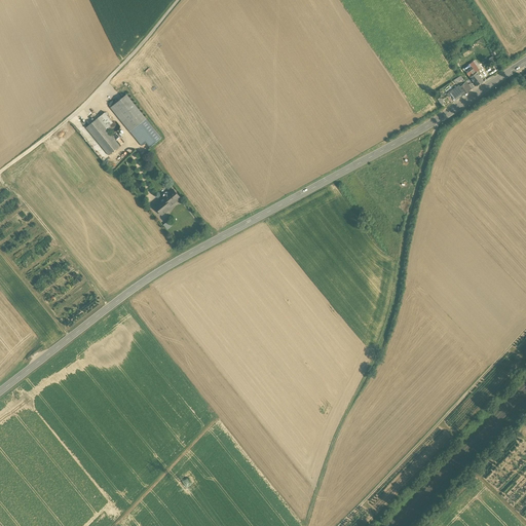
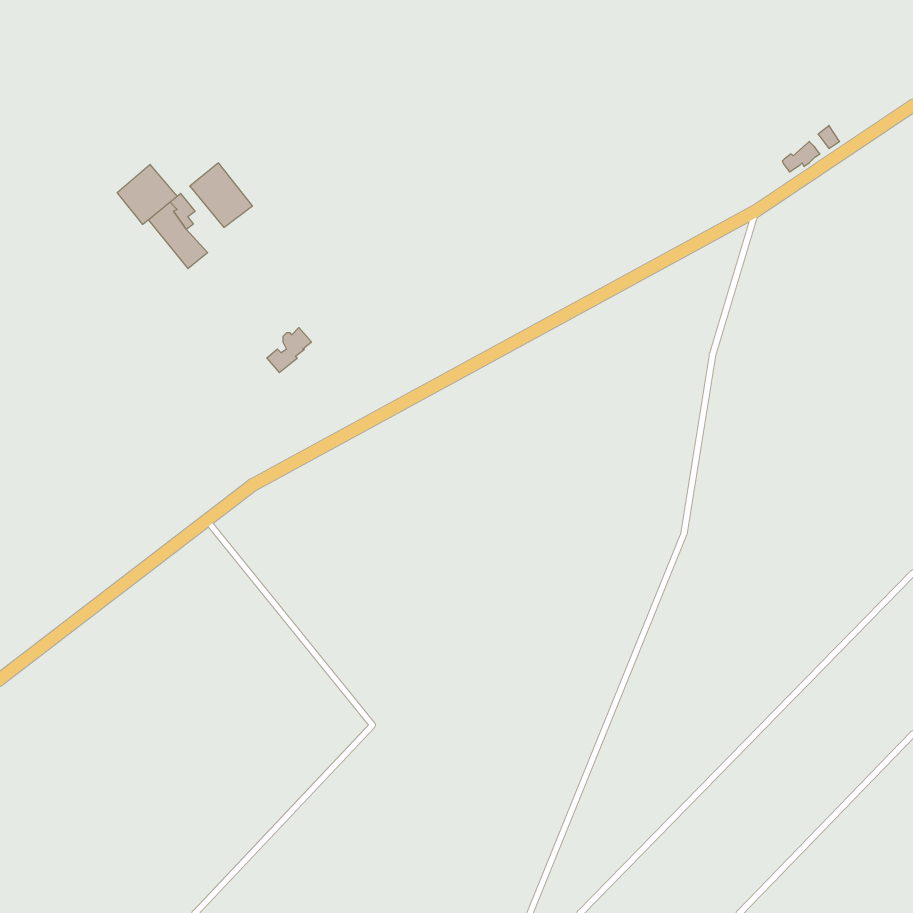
building: none -> [117,164,177,224]
building: [128,118,160,147] -> none

